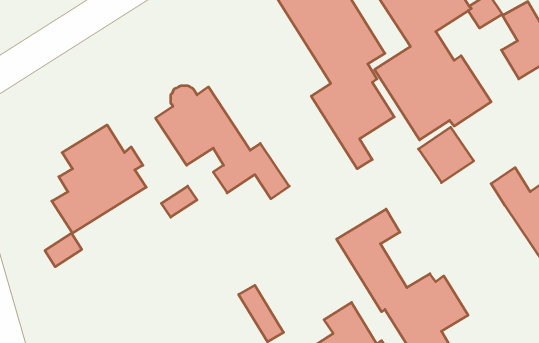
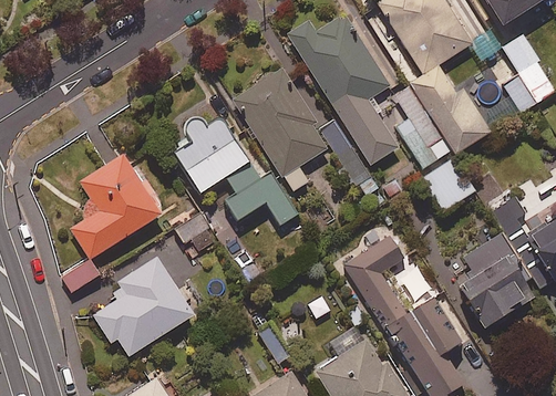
building: none -> [231,66,327,192]
building: none -> [462,232,533,327]
building: none -> [93,257,194,357]

